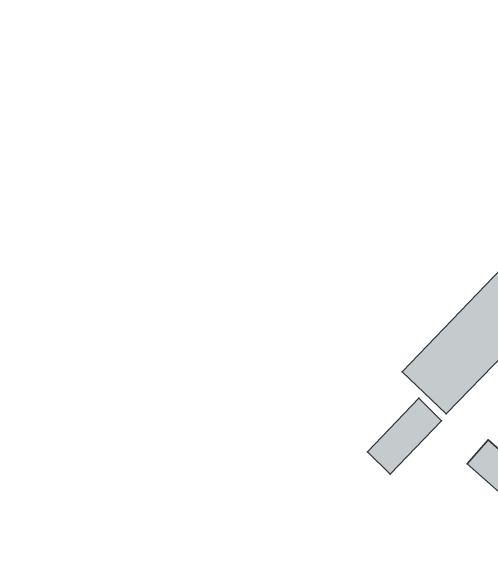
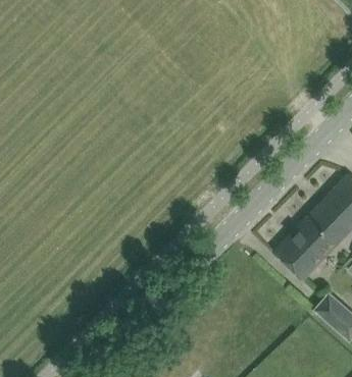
building: [367,398,442,474] -> none

